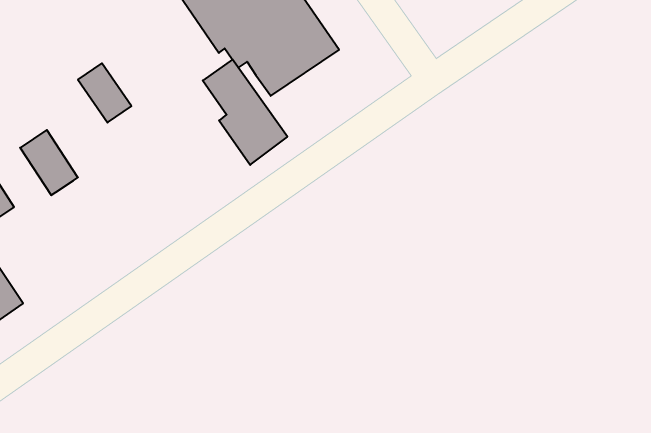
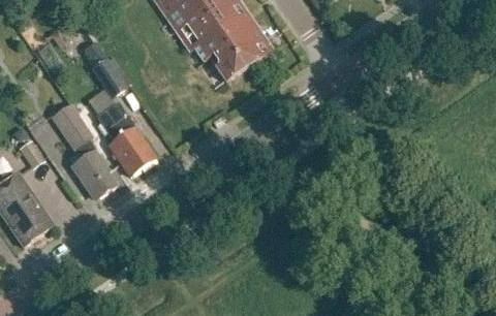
building: [203,60,287,165] -> [96,101,155,175]
building: none -> [68,138,115,197]

